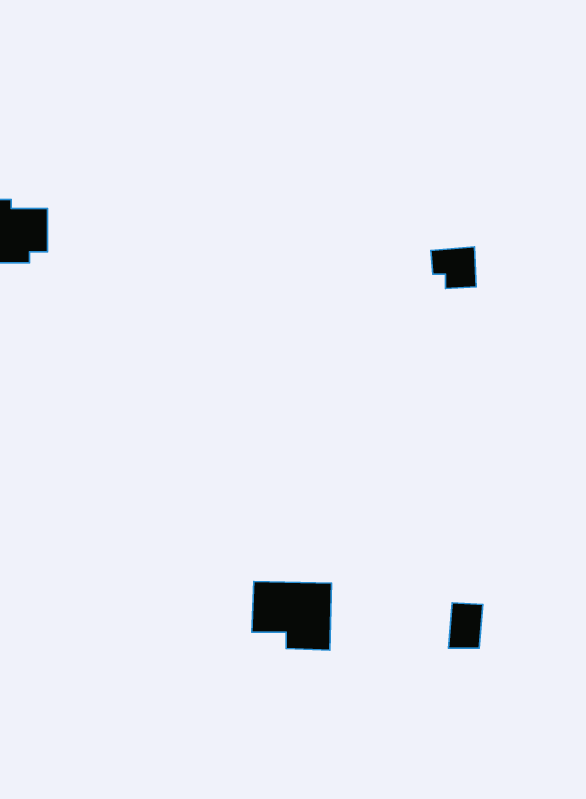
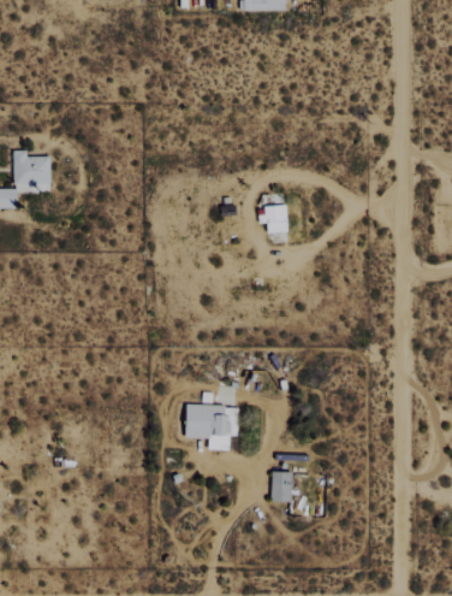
building: [431,247,476,289] -> [260,205,290,232]
building: [449,603,483,648] -> [270,471,293,501]

